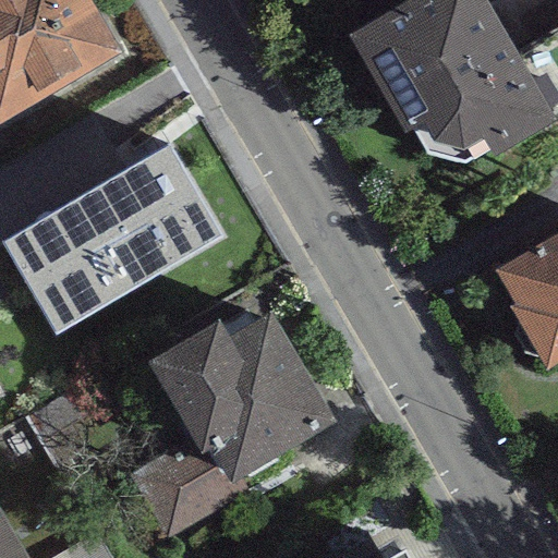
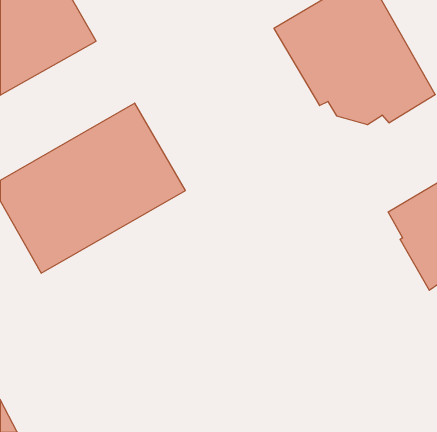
building: [130,313,333,534] -> none

